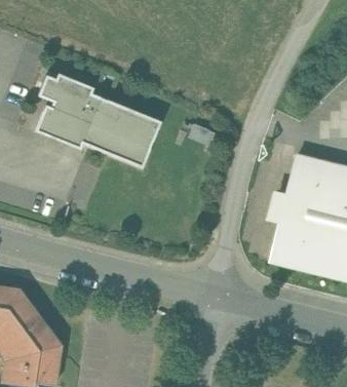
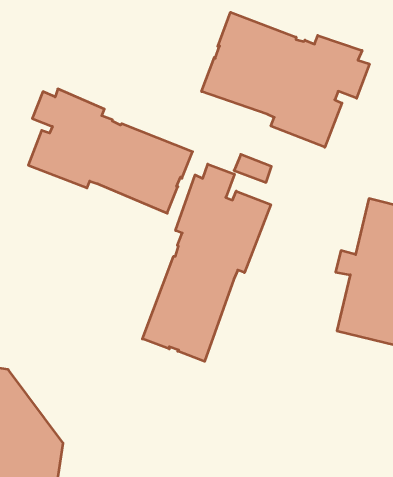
building: none -> [202,12,369,147]
building: none -> [142,164,271,361]

